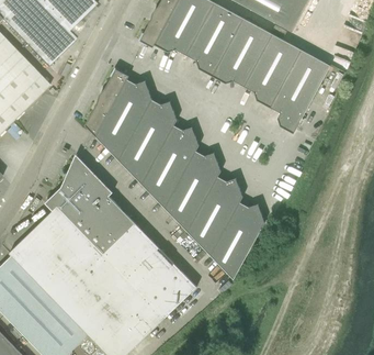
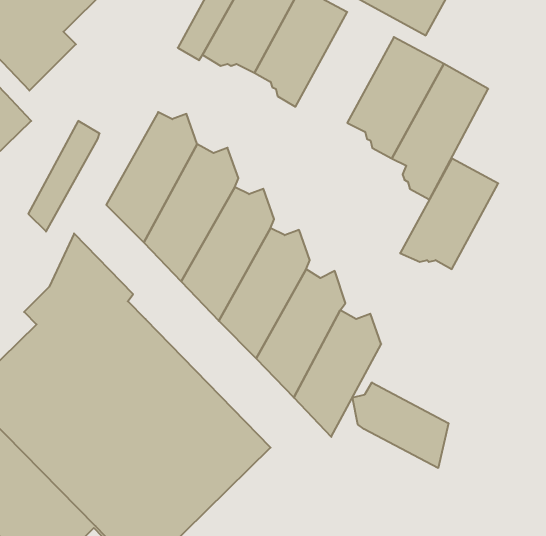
building: [212,18,272,86] -> [400,158,498,269]
building: [84,68,128,136] -> [28,121,100,232]
building: none -> [352,382,448,468]

